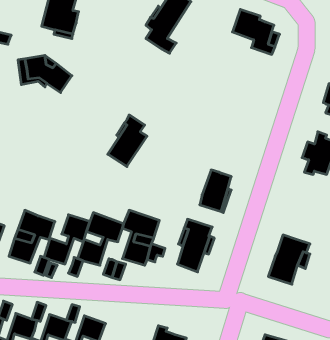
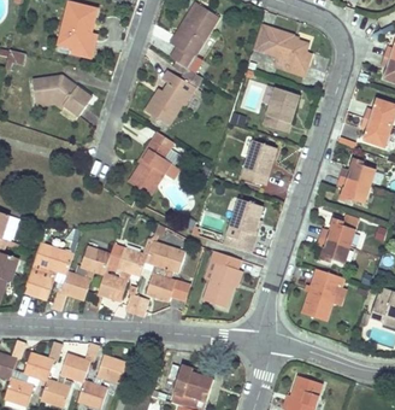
building: none -> [145,68,201,124]
building: none -> [264,87,299,131]
building: none -> [242,140,276,183]
building: none -> [318,215,359,263]

